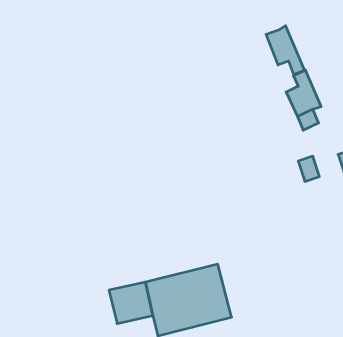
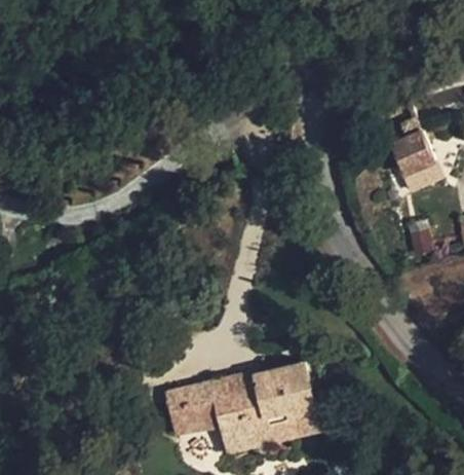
building: [266,26,304,74] -> none

